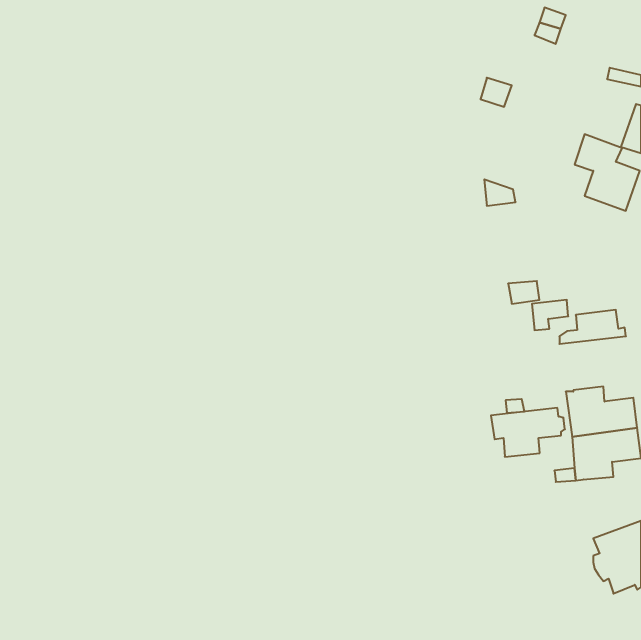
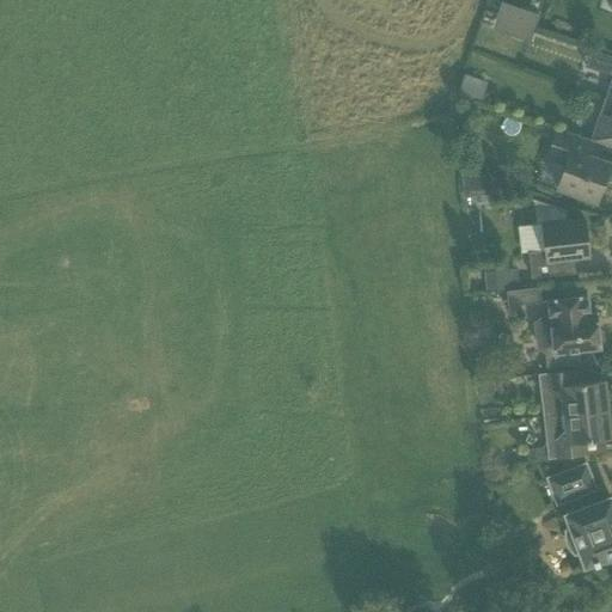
building: none -> [519,220,589,277]
building: [491,408,565,457] -> [533,320,604,367]
building: none -> [549,464,594,502]

